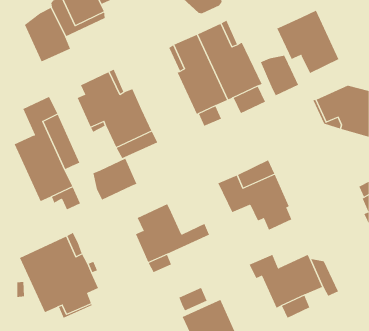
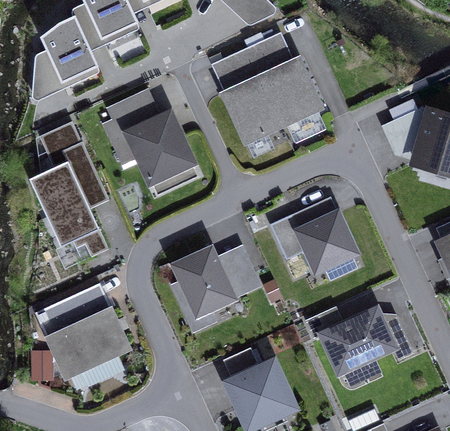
building: [277,10,339,74] -> none
building: none -> [33,50,98,99]
building: [260,55,299,96] -> none
building: [93,158,137,201] -> none
building: none -> [215,245,254,284]

